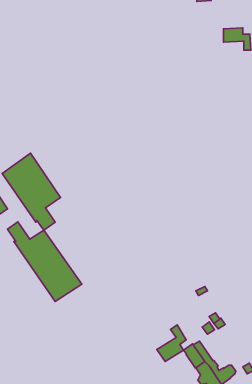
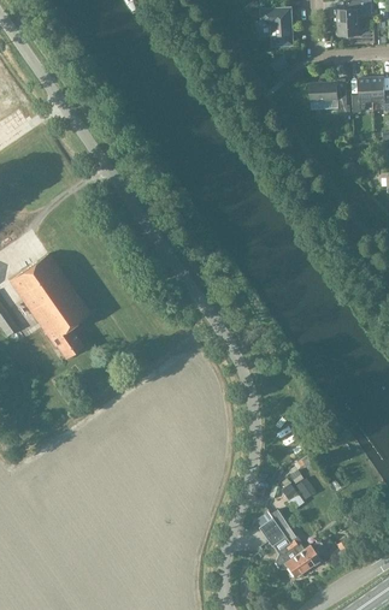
building: [7,222,82,301] -> none
building: [157,325,186,361] -> none

